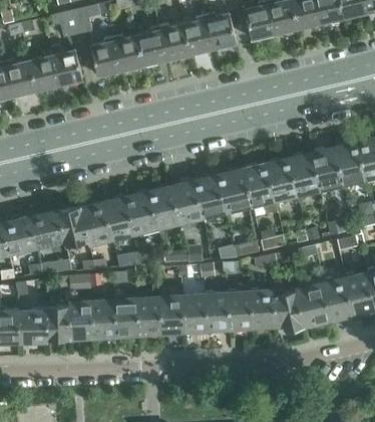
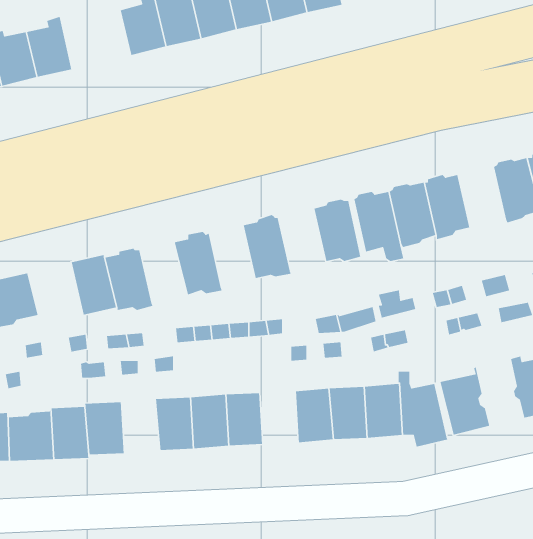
building: [51,44,83,85] -> none
building: [312,149,343,191] -> none
building: [195,175,227,217] -> none
building: [149,186,180,227] -> none
building: [104,196,135,238] -> none
building: [31,211,67,248] -> none
building: [324,274,355,319] -> none
building: [182,295,208,331] -> none
building: [92,300,117,337] -> none

